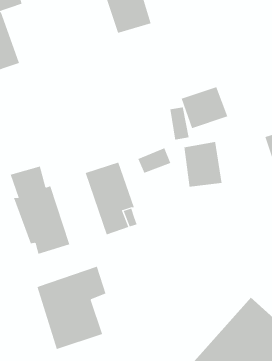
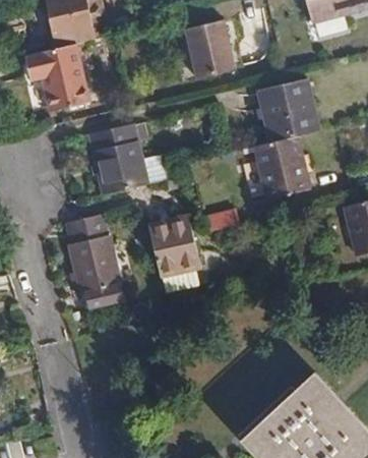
building: none -> [258,77,321,141]
building: none -> [93,122,169,191]
building: [184,141,222,188] -> none
building: [37,266,106,350] -> none

